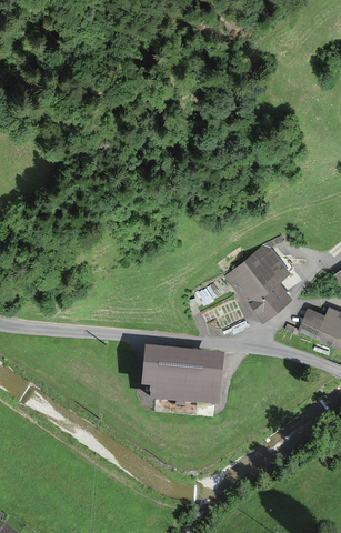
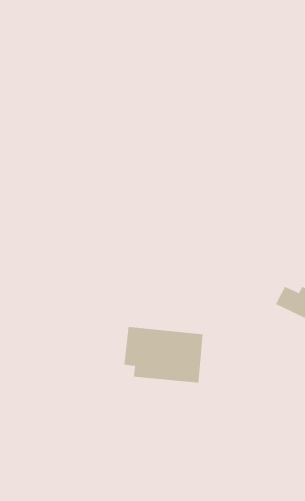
building: [225,243,285,314] -> none

